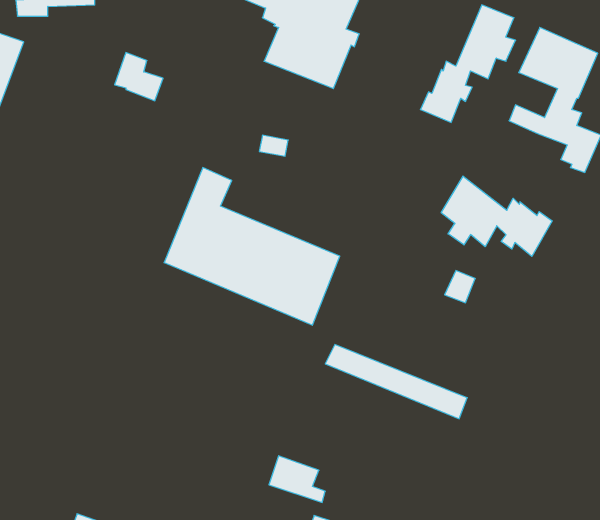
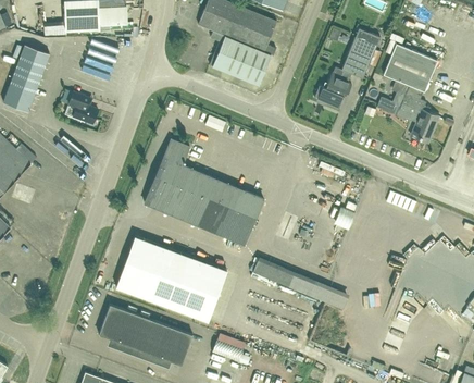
building: [115,53,163,101] -> [64,91,97,124]
building: [441,176,552,256] -> none
building: none -> [115,236,226,321]
building: none -> [98,304,191,365]

